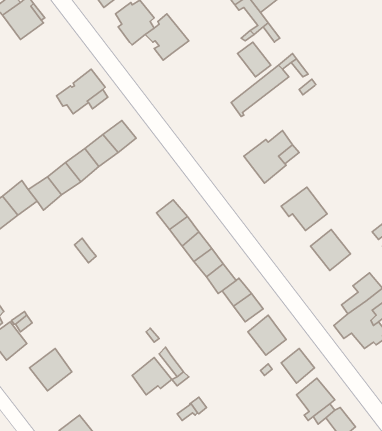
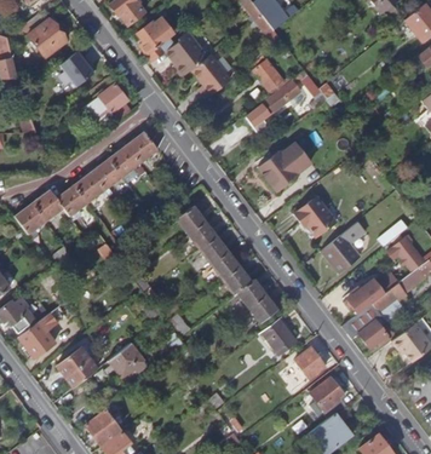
building: none -> [51,50,96,92]
building: none -> [191,54,229,98]
building: [132,358,172,395] -> [108,344,145,379]

